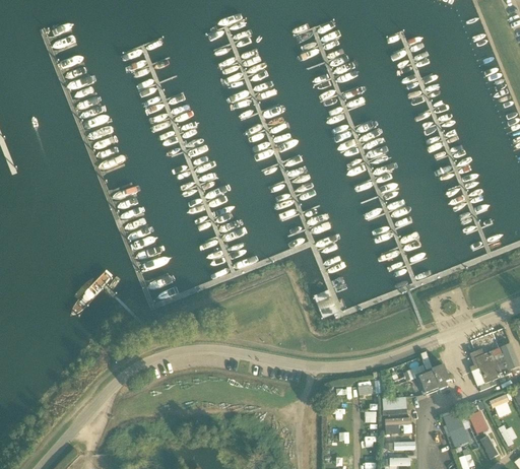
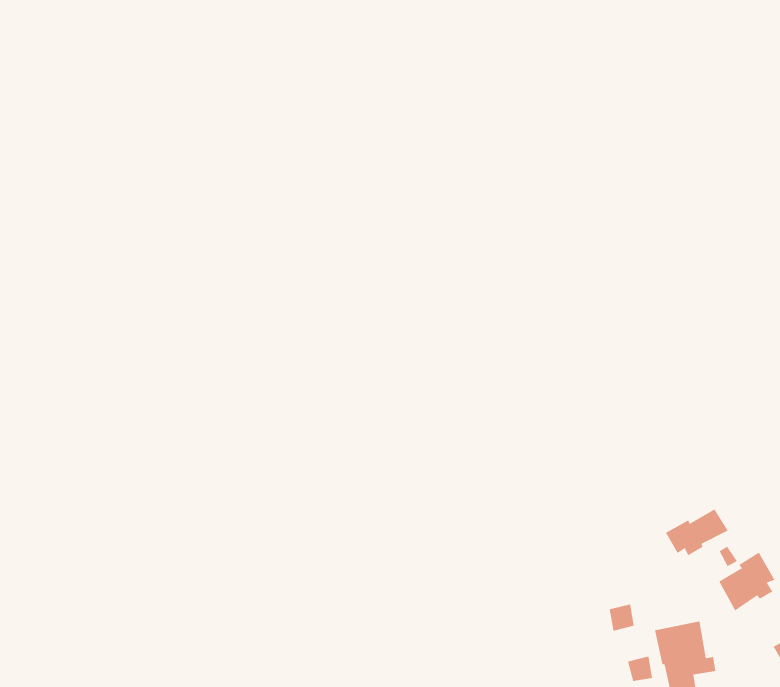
building: none -> [665,509,728,556]

